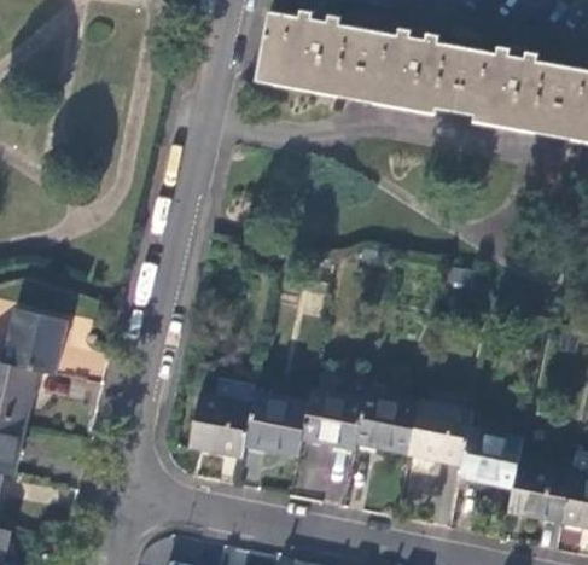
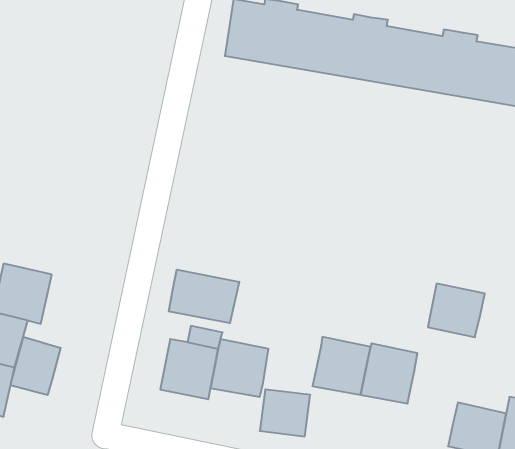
building: none -> [169,270,239,323]
building: [301,390,365,452] -> none
building: none -> [11,337,61,395]
building: [458,429,520,488] -> [428,284,485,337]

